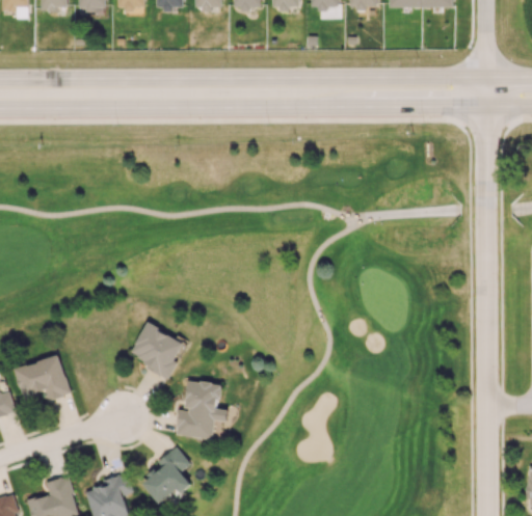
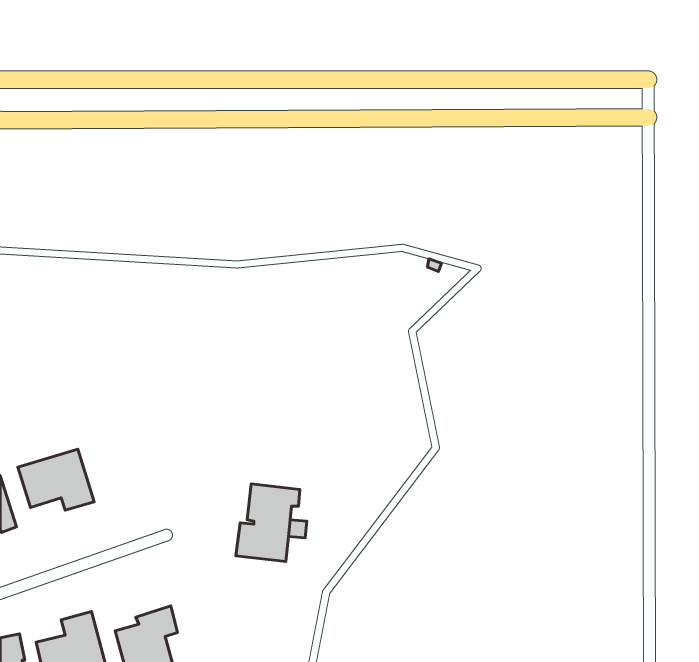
building: [132,321,186,380] -> none
building: [144,443,193,503] -> none

